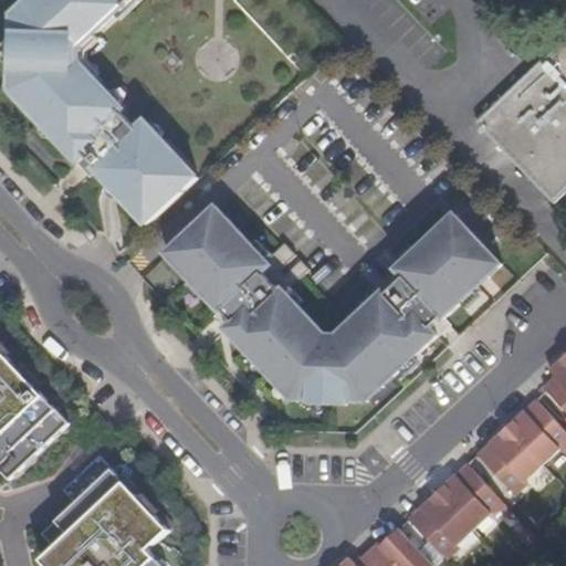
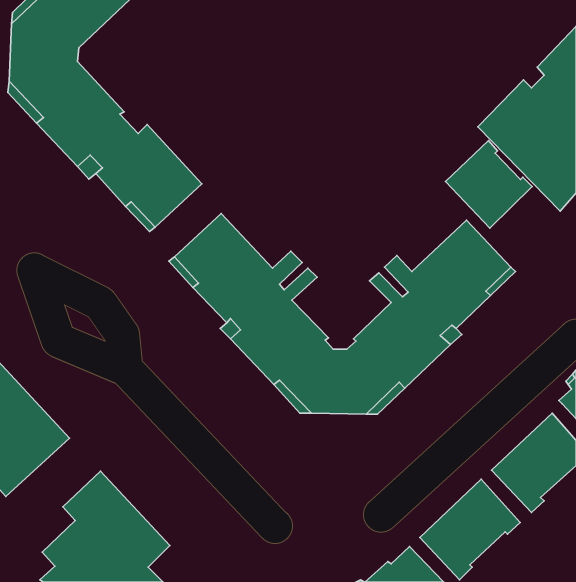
building: none -> [446,141,532,228]

